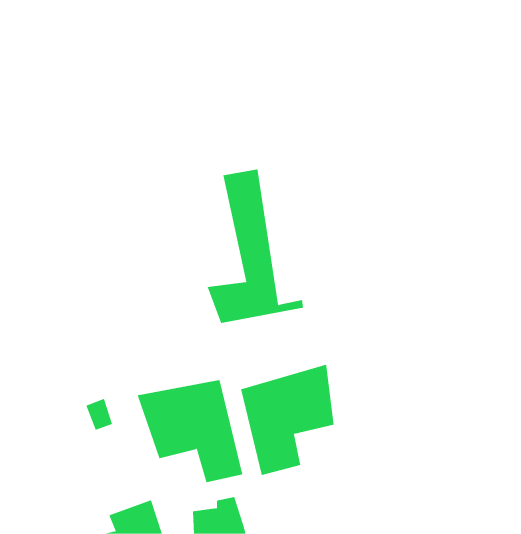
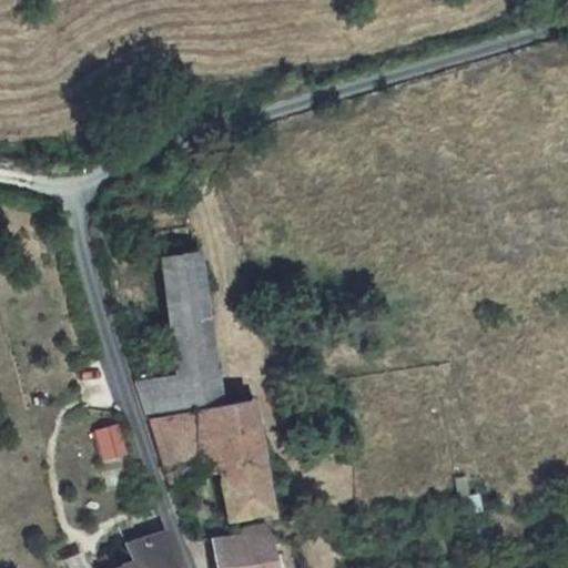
building: [207,169,304,323] -> [144,255,247,419]
building: [240,364,334,476] -> none

